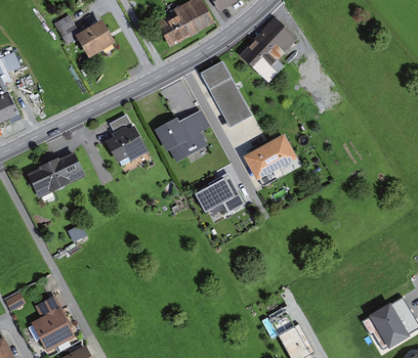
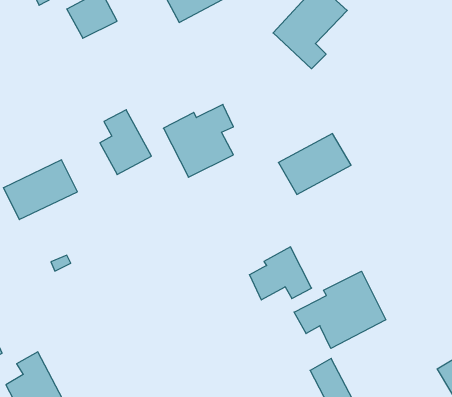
building: [200,59,251,125] -> none
building: [196,171,244,212] -> [249,247,312,300]
building: none -> [294,271,386,348]

